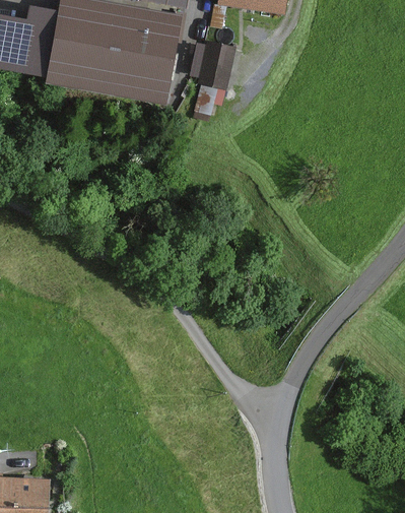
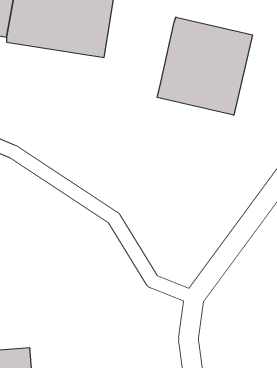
building: [192,41,231,91] -> none
building: none -> [157,17,252,115]

